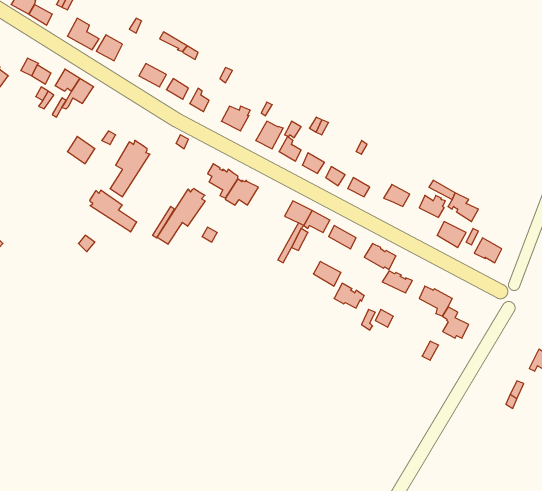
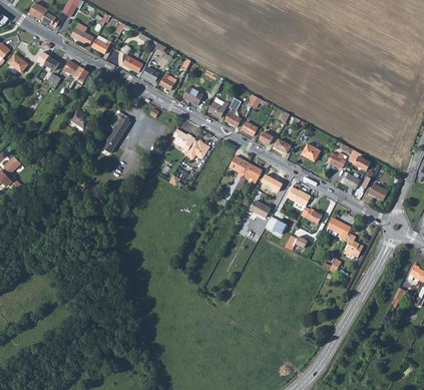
building: [157,188,205,244] -> none
building: [90,190,137,232] -> none

